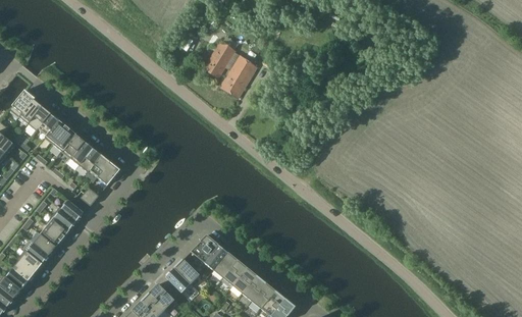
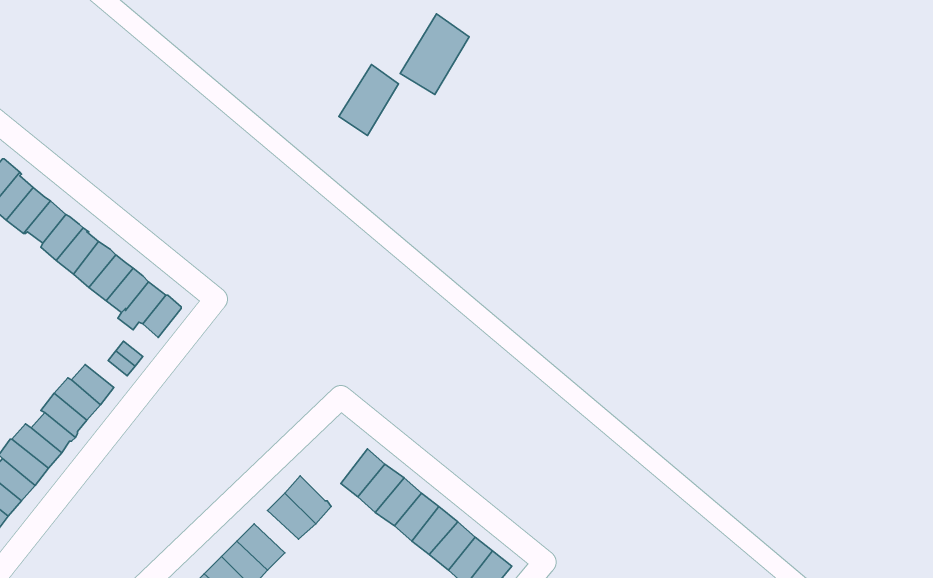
building: [219,55,256,98] -> [400,14,469,95]
building: [182,235,218,272] -> none

